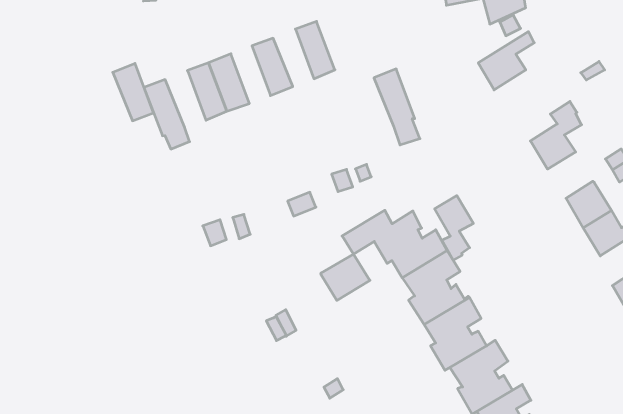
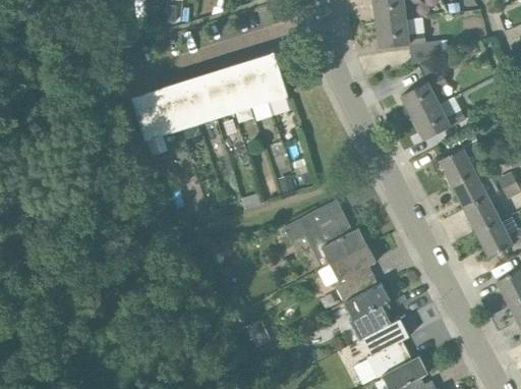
building: none -> [204,71,233,117]
building: [113,63,154,121] -> [150,88,180,133]
building: [374,69,420,145] -> [238,60,272,121]
building: none -> [412,105,465,141]
building: none -> [451,168,499,210]
building: [435,196,473,260] -> none
building: [321,254,370,300] -> none

